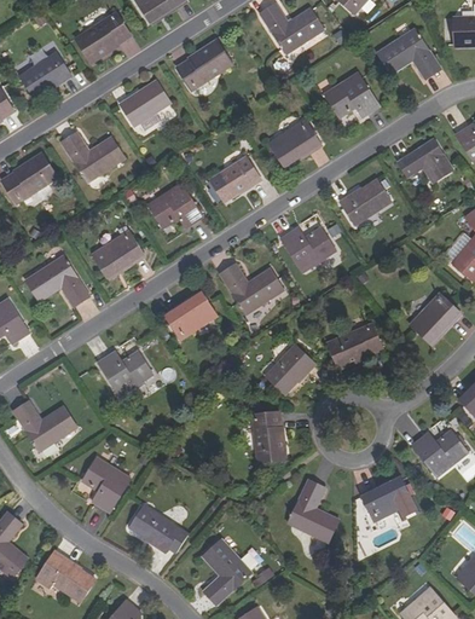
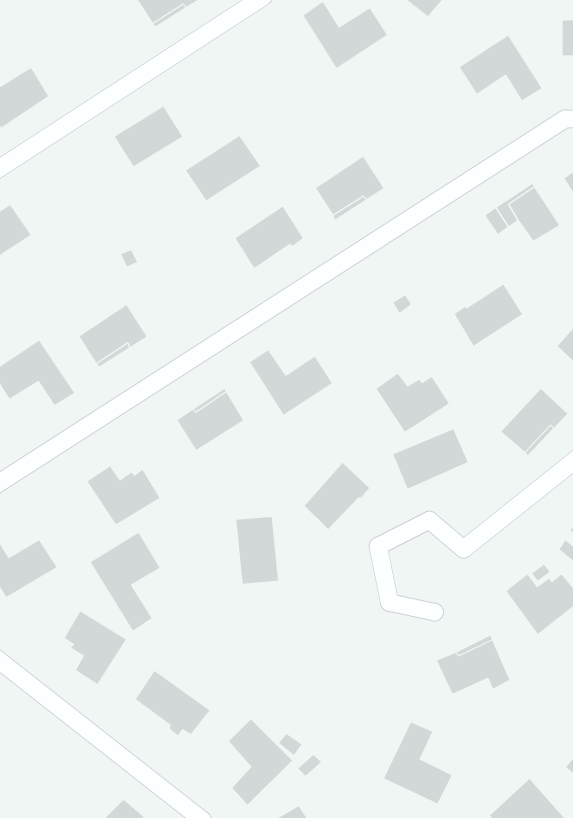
building: [74,12,131,62] -> none
building: [175,41,232,91] -> [185,135,261,201]
building: [323,73,378,116] -> none
building: [60,132,124,183] -> none
building: [340,179,392,226] -> [454,284,523,347]
building: [147,181,203,227] -> none
building: [280,228,336,273] -> [376,373,450,432]
building: none -> [90,532,160,631]
building: [251,411,284,462] -> [235,516,279,584]
building: [286,480,338,542] -> [383,722,452,804]
building: [41,554,93,601] -> none

